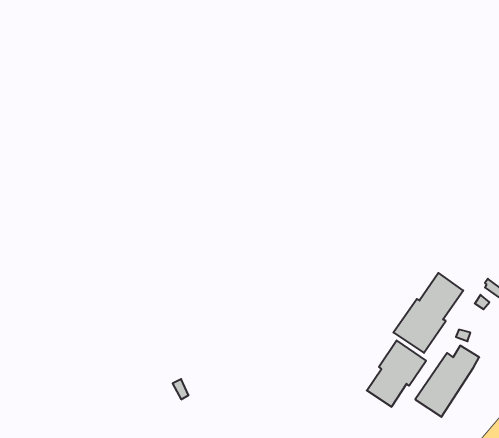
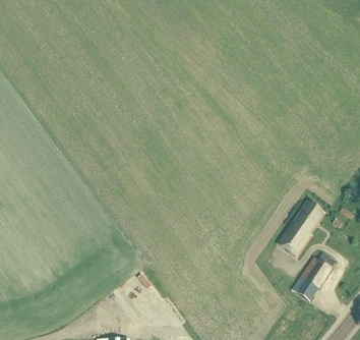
building: [367,340,426,407] -> none

